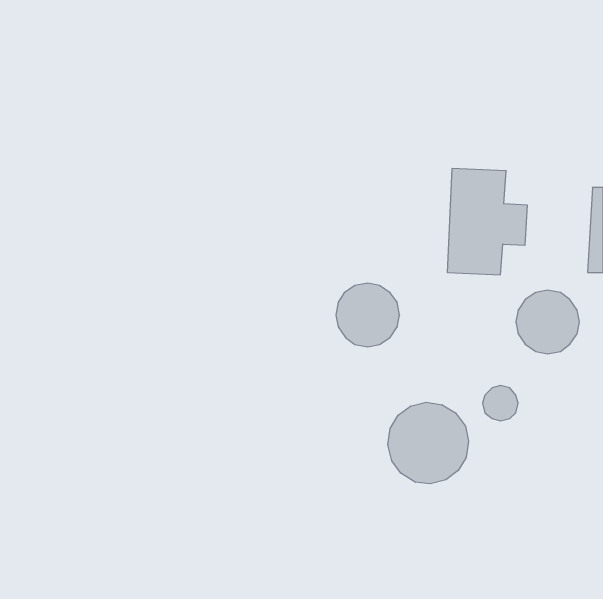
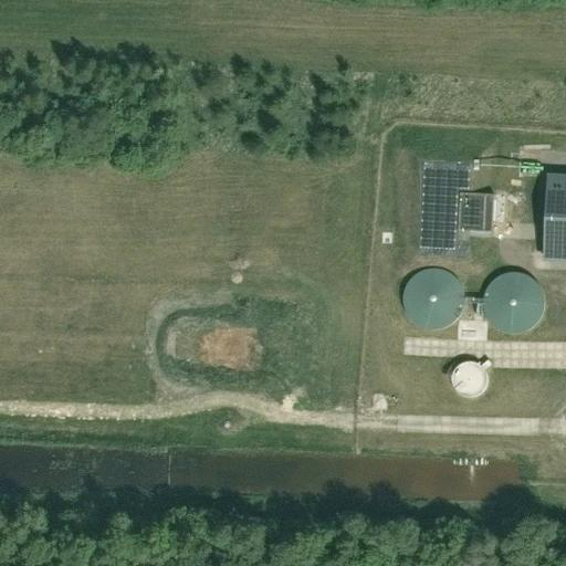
building: [336,283,400,347] -> [403,268,463,327]
building: [388,402,469,484] -> none

